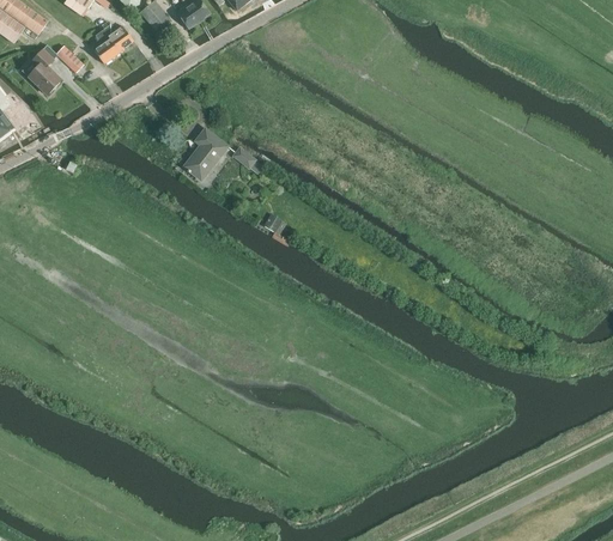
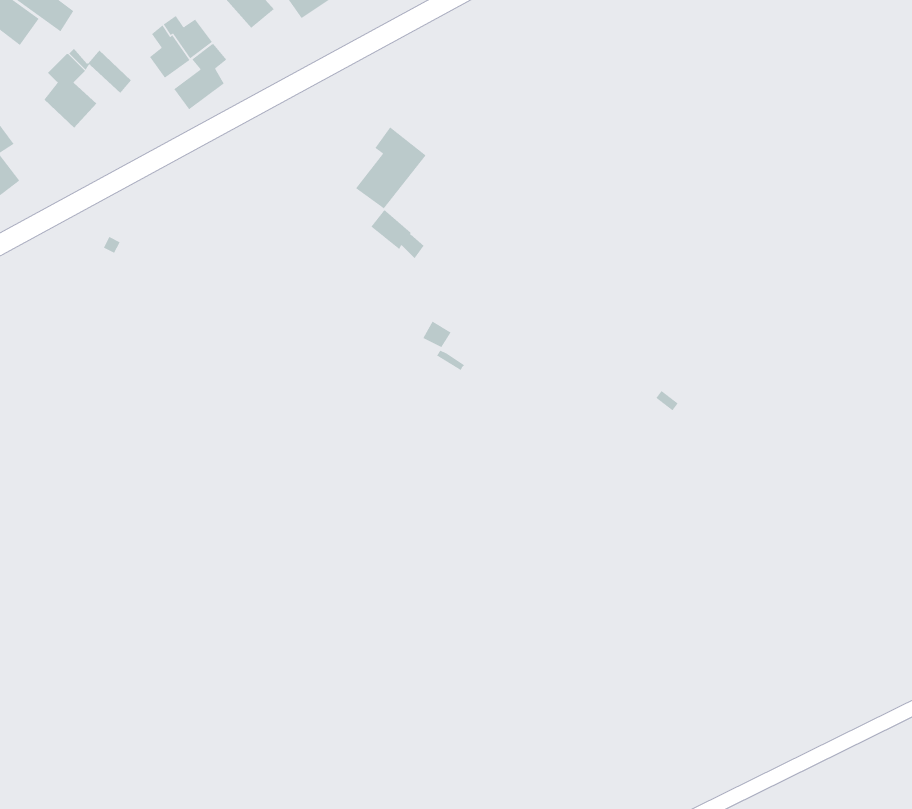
building: none -> [173,43,227,110]
building: [183,128,227,180] -> [355,127,426,209]

